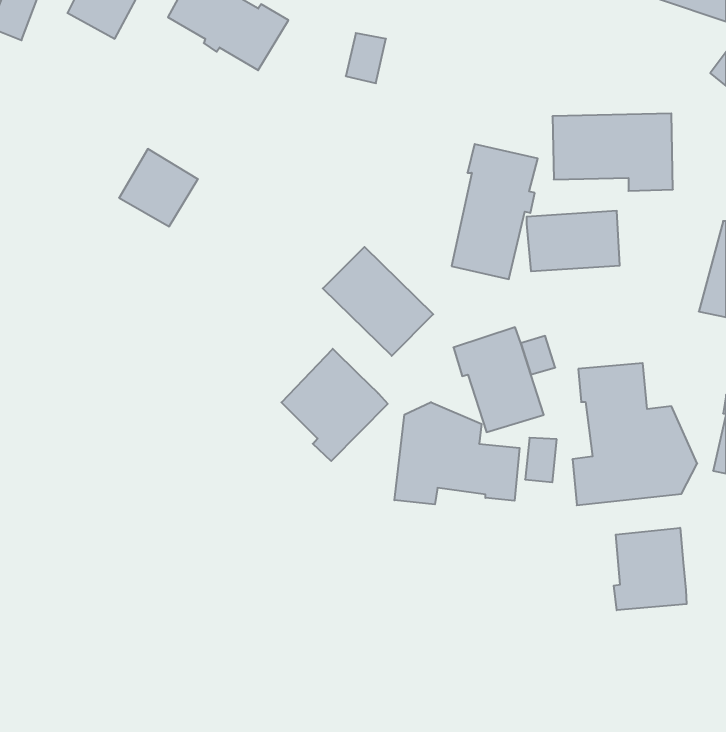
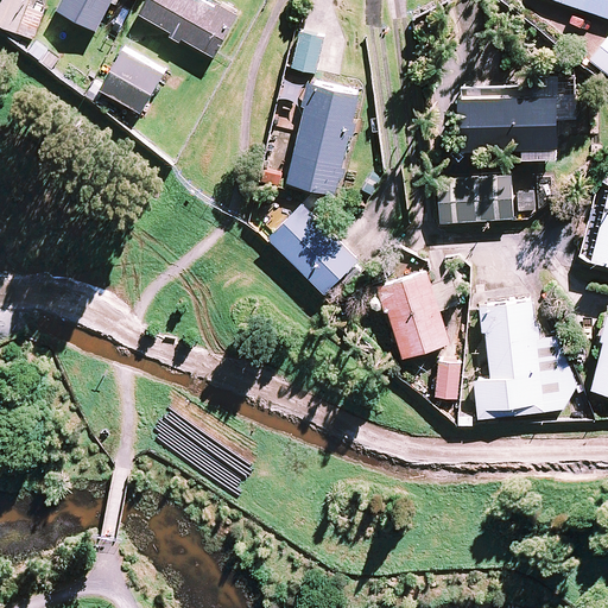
building: [452,144,538,279] -> [287,83,359,195]
building: [119,149,198,226] -> [100,50,165,114]
building: [281,349,388,461] -> none
building: [394,402,520,504] -> none
building: [614,528,687,610] -> none

